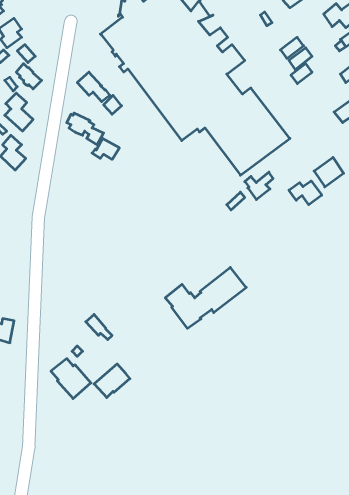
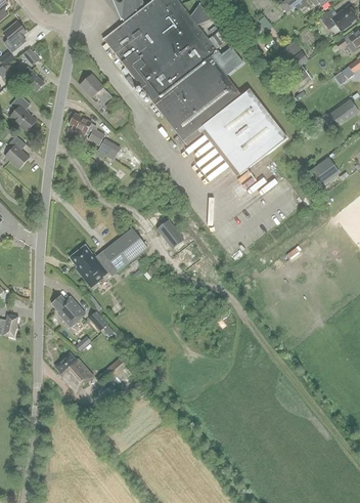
building: [289,181,322,205] -> none
building: none -> [156,219,184,248]
building: [165,267,246,328] -> [69,227,147,287]
building: none -> [51,294,86,327]

